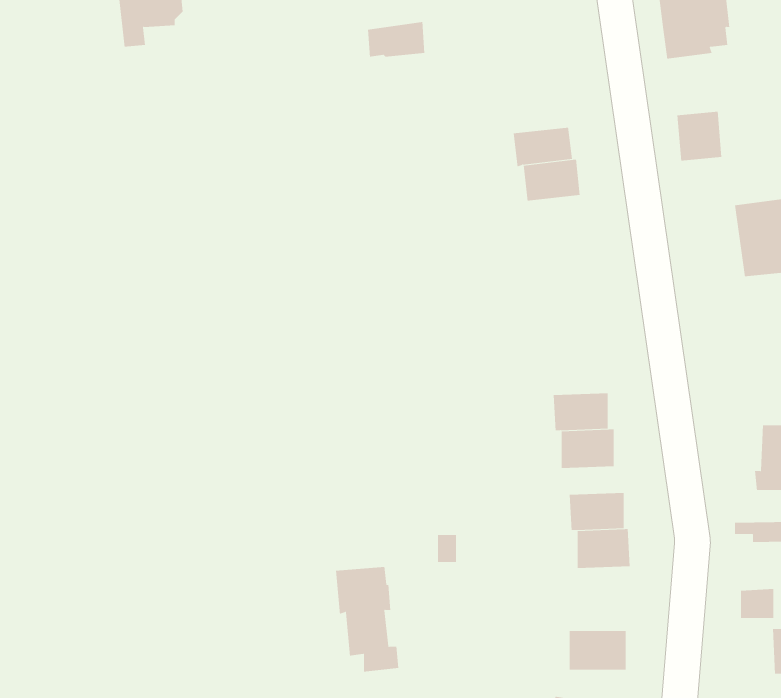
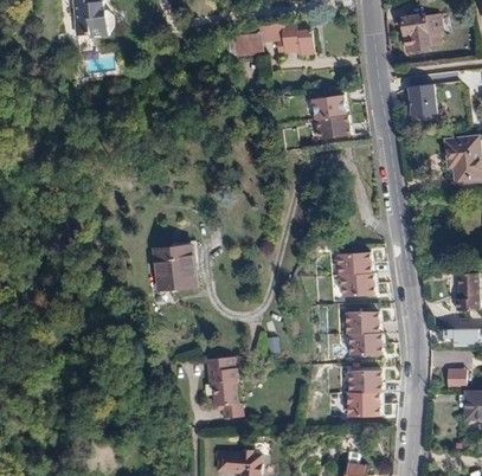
building: none -> [282,27,313,56]
building: none -> [148,244,192,288]
building: none -> [347,369,381,393]

